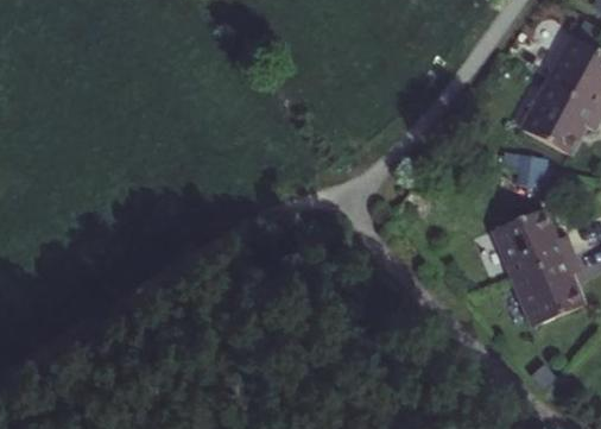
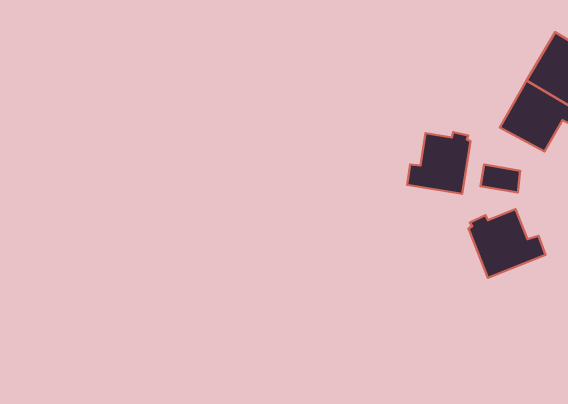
building: none -> [407,132,470,194]
building: [514,254,580,324] -> none

